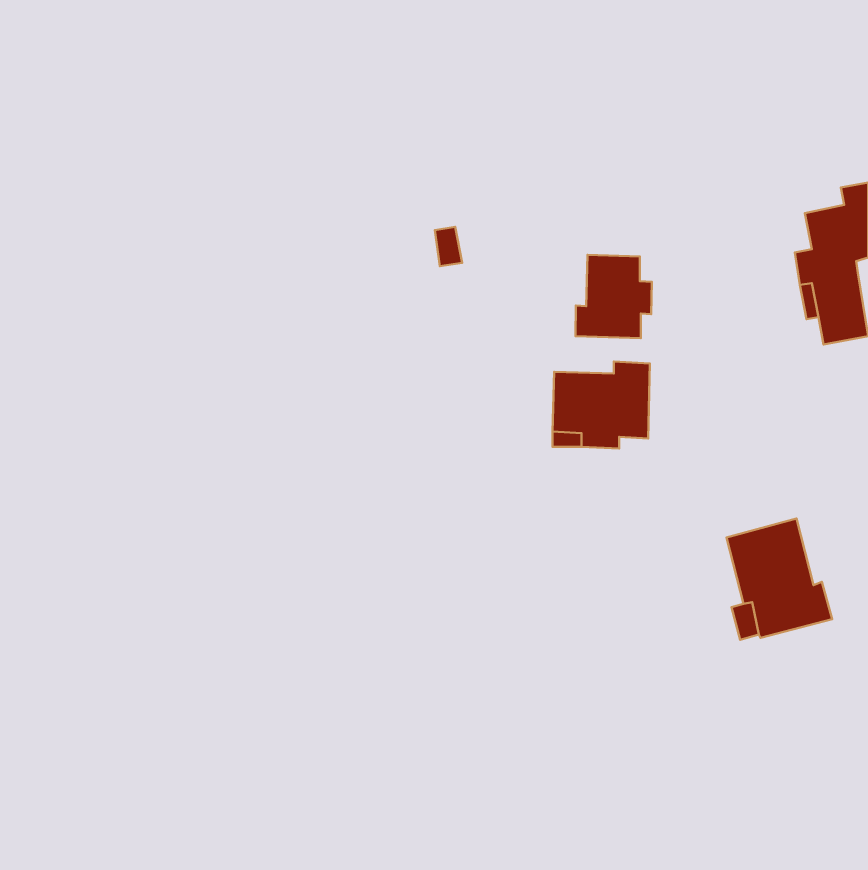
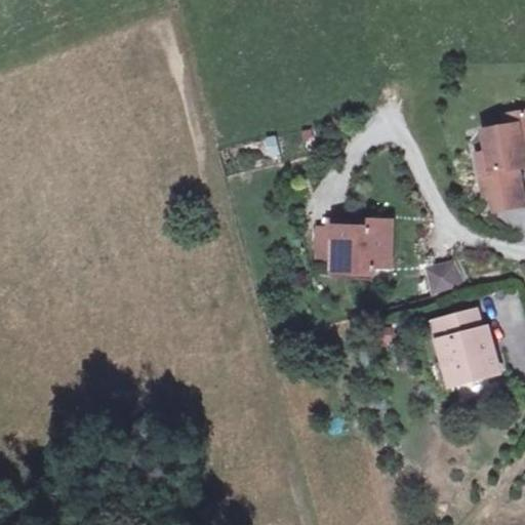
building: [575,255,652,338] -> none
building: none -> [420,258,462,297]

